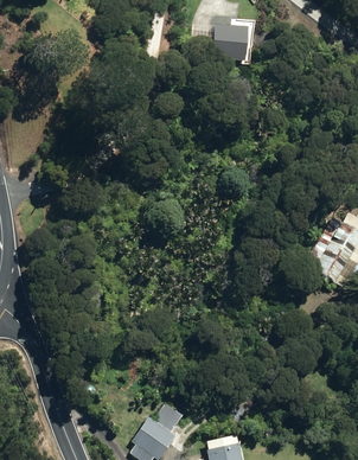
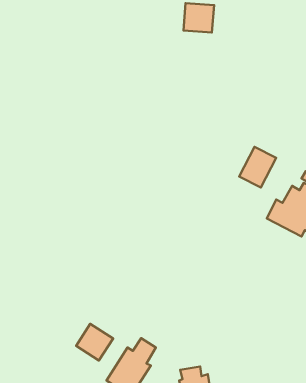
building: none -> [239,147,276,188]
building: none -> [76,324,113,360]

